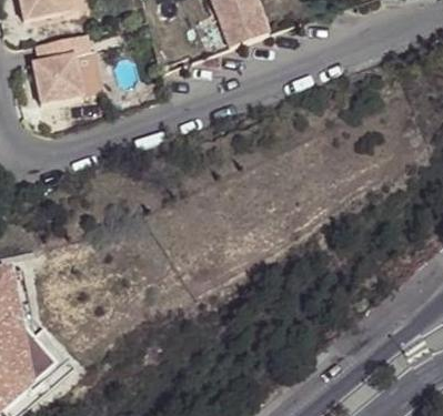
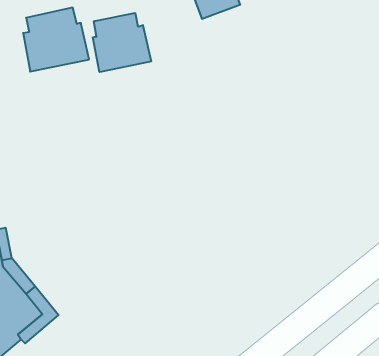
building: none -> [93,13,151,72]

